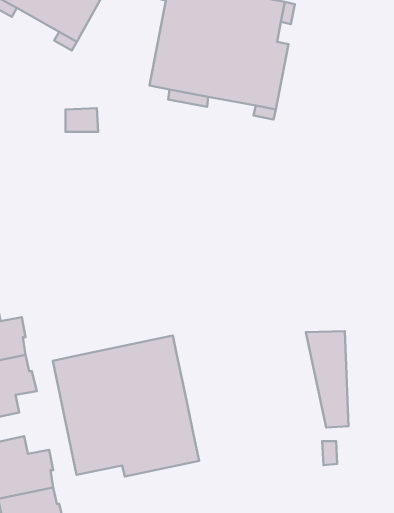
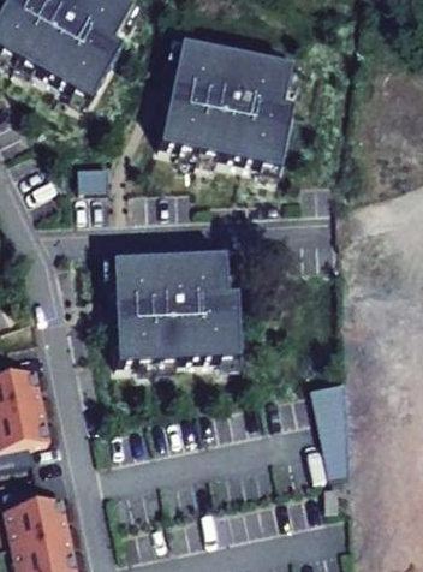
building: none -> [103,249,243,369]
building: [53,335,199,477] -> none

